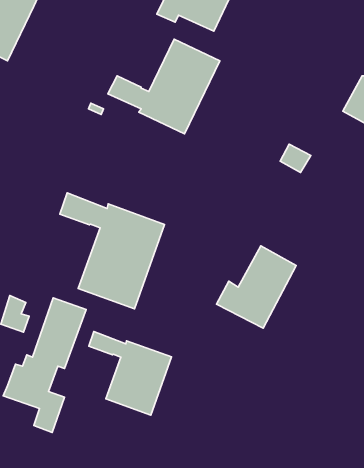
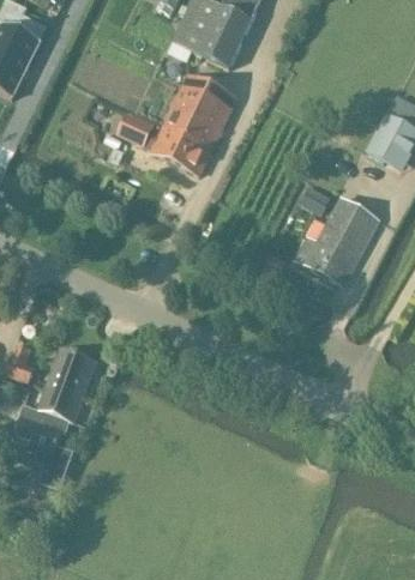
building: [60,193,165,309] -> none
building: [216,246,296,328] -> [294,198,378,284]
building: [89,332,172,415] -> none

